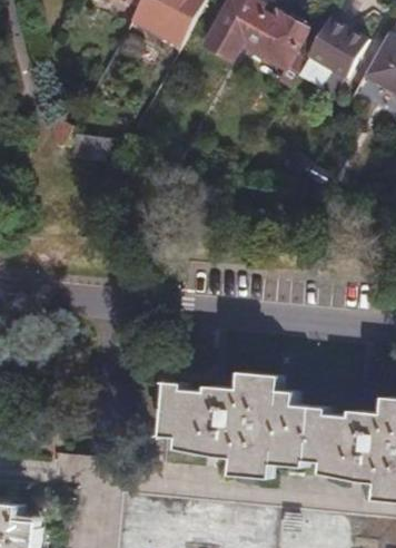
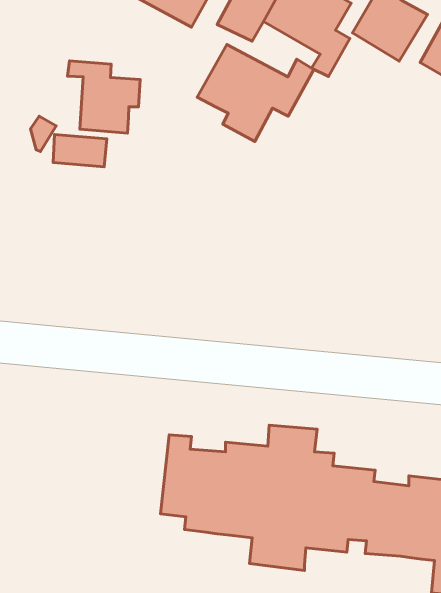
building: none -> [197,44,314,141]
building: none -> [67,61,140,133]

